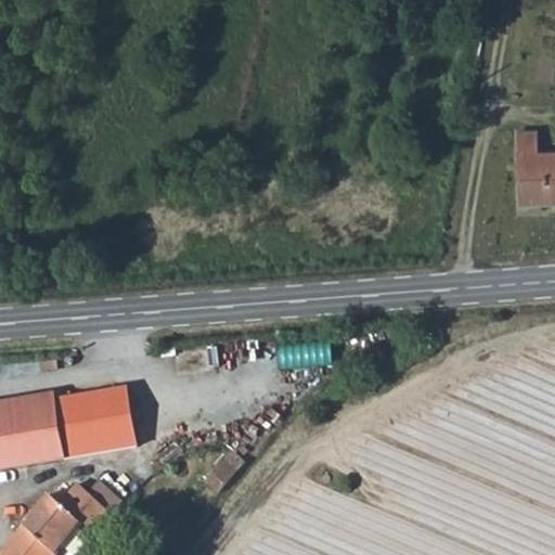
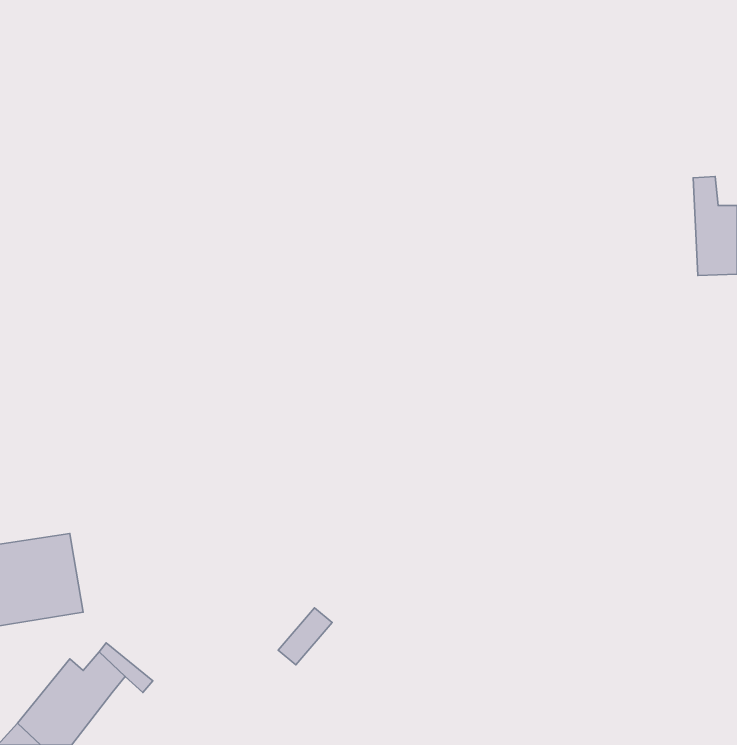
building: [53,392,132,455] -> none

